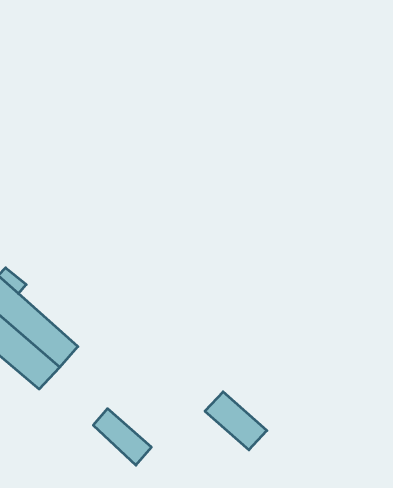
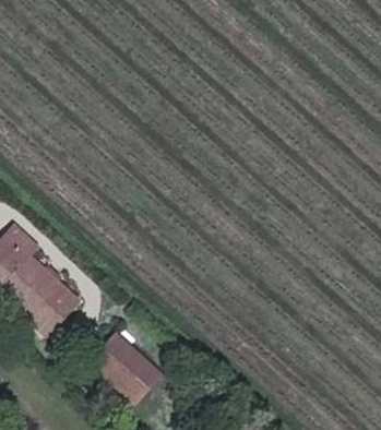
building: [205,392,267,450] -> [104,333,156,382]

